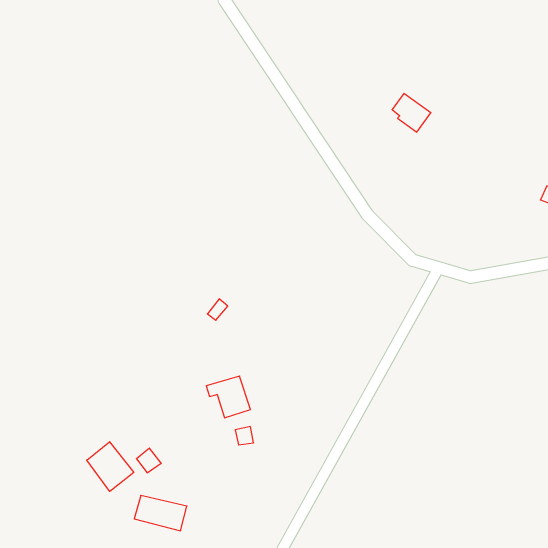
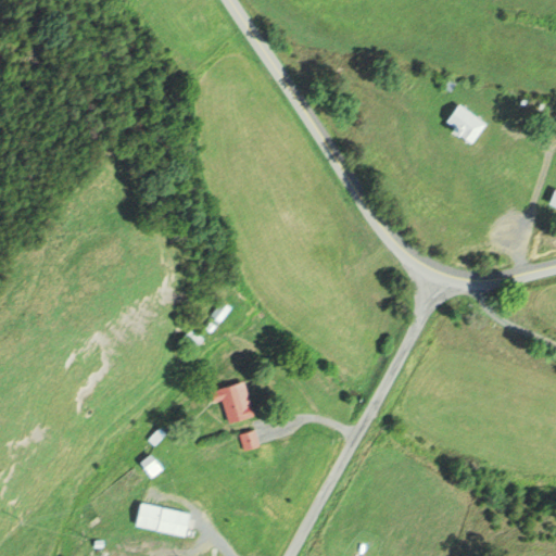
building: [392,93,431,132] -> [447,104,486,143]
building: [87,442,134,491] -> none

